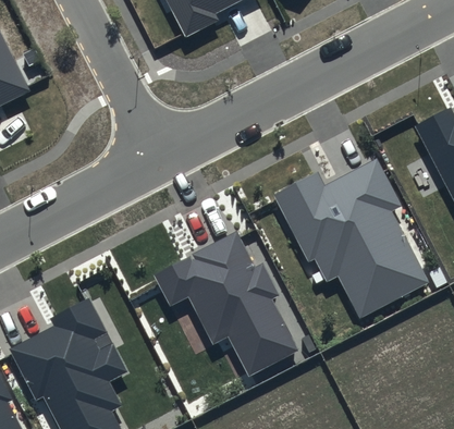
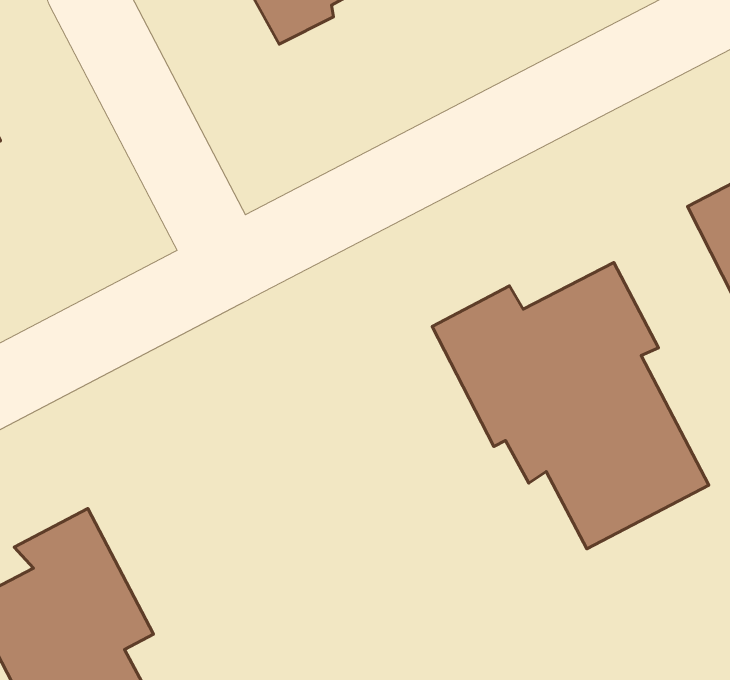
building: [151,232,297,376] -> none

